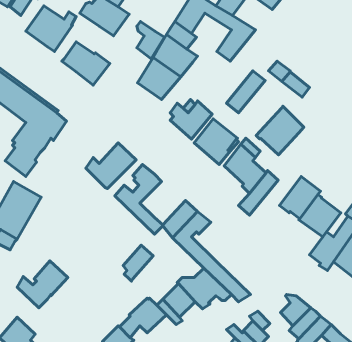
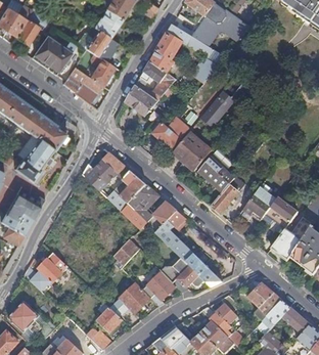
building: [137,21,165,59] -> [90,53,113,85]
building: [256,106,304,155] -> none
building: none -> [128,185,160,216]

